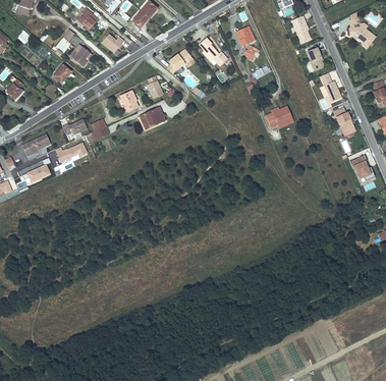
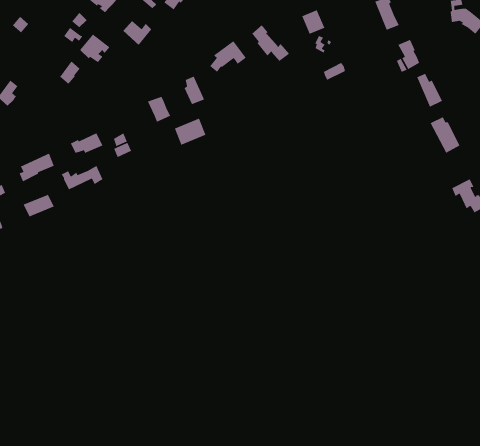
building: [264,105,293,127] -> none

